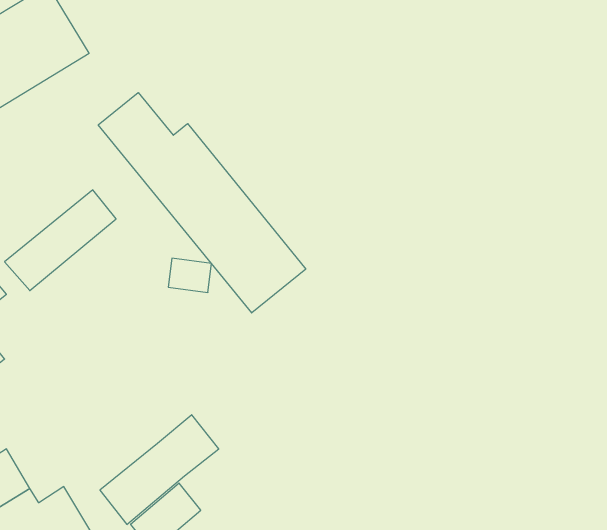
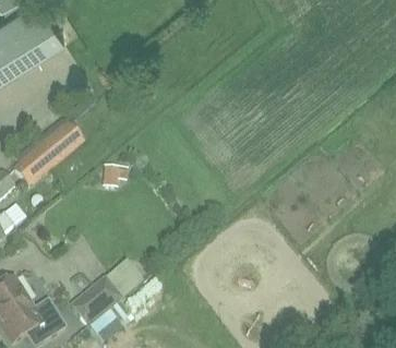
building: [98,93,306,313] -> none

